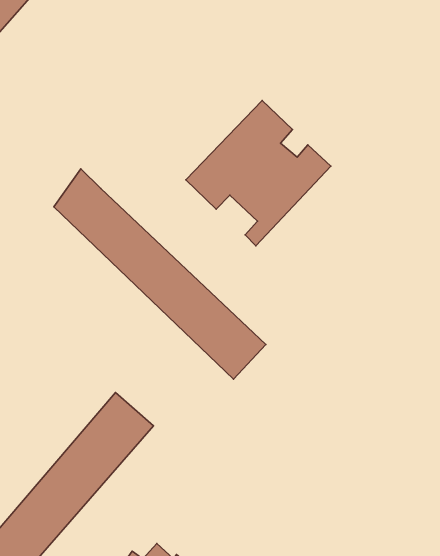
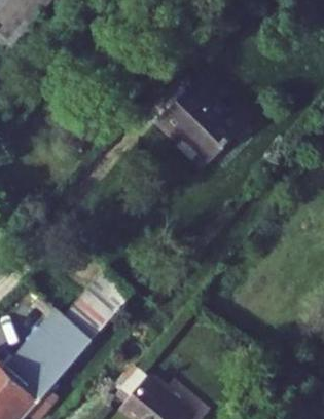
building: [54,169,266,379] -> none

